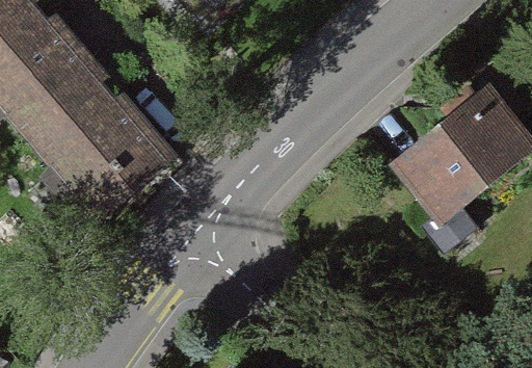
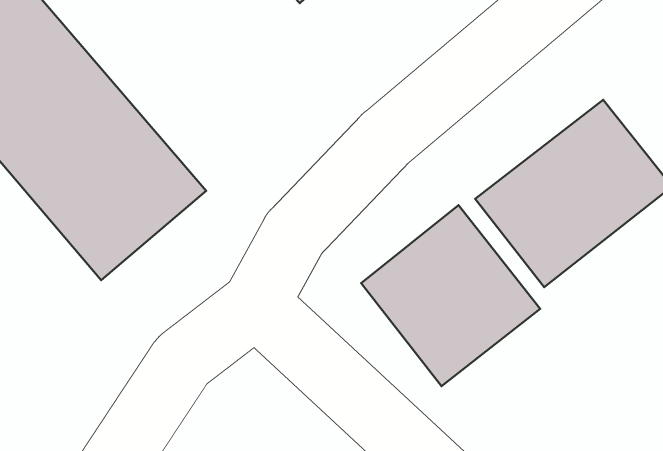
building: none -> [361,205,540,386]

